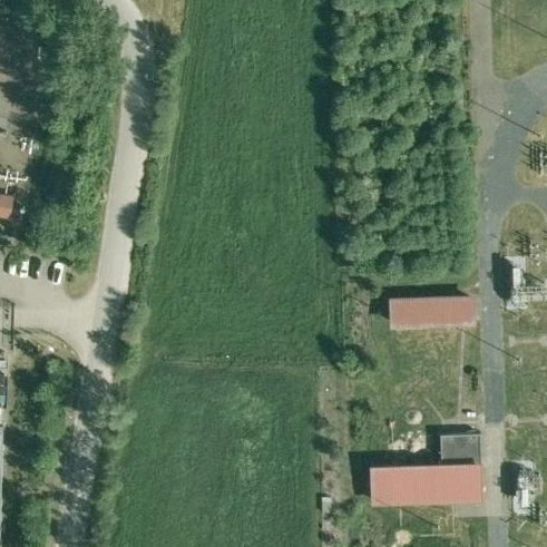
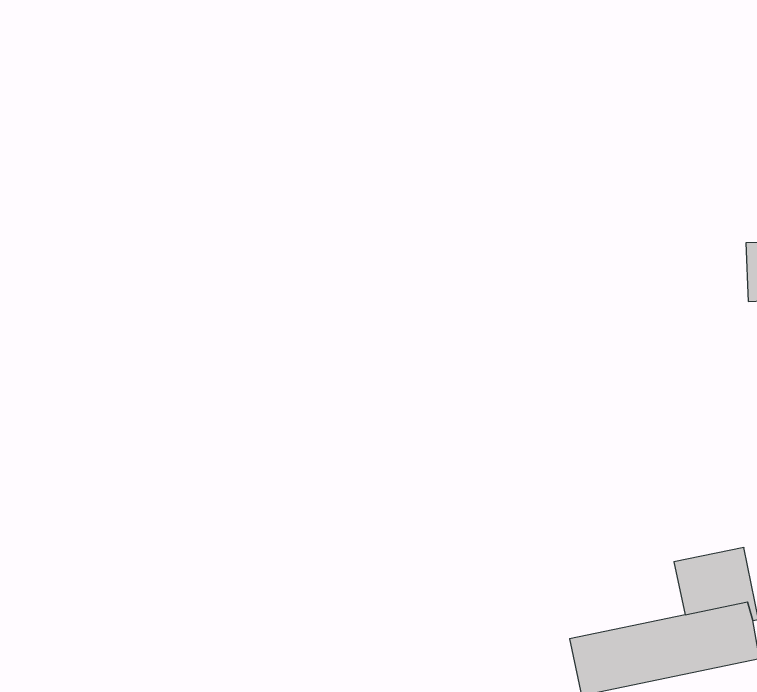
building: [390,300,470,324] -> none

